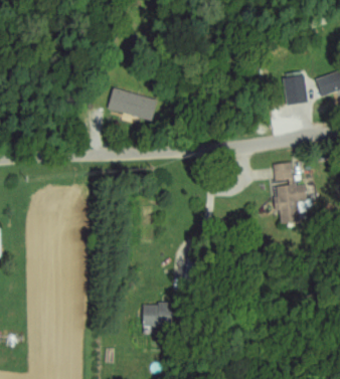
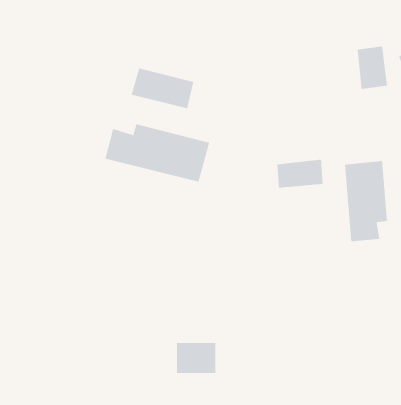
building: none -> [105,124,210,183]
building: none -> [277,159,323,188]

